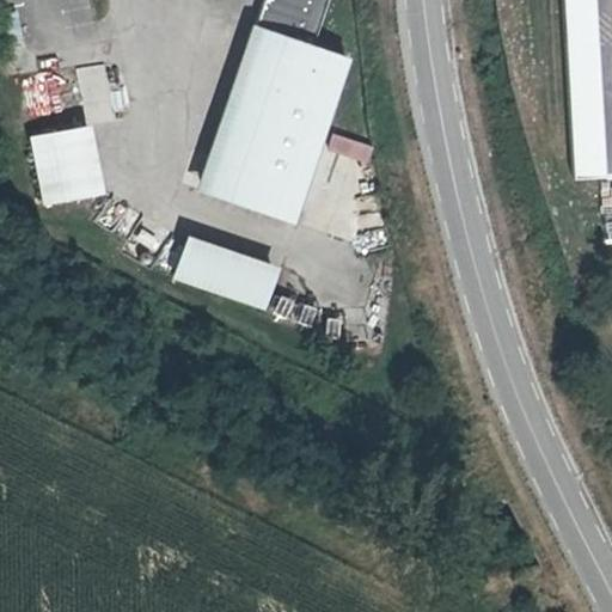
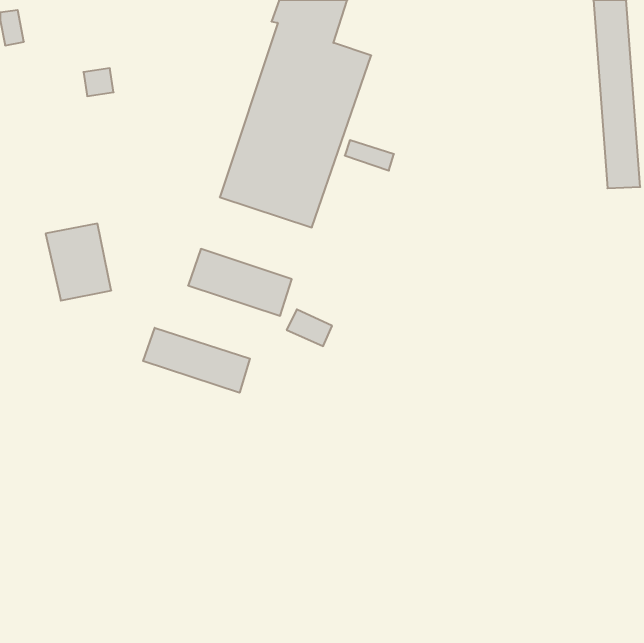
building: [36,126,98,198] -> [46,224,111,301]
building: none -> [143,328,250,393]

